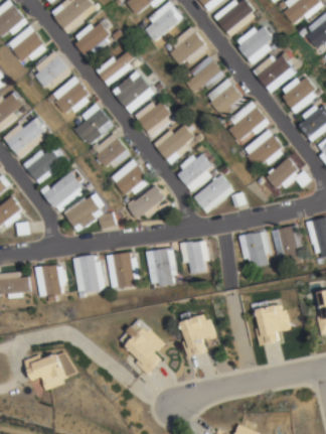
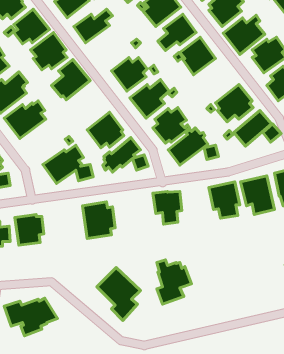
building: [113,68,151,110] -> none
building: [227,99,269,140] -> none
building: [93,131,130,166] -> none
building: [44,169,84,210] -> none
building: [145,247,176,288] -> none
building: [73,253,104,291] -> none
building: [255,300,291,343] -> none

